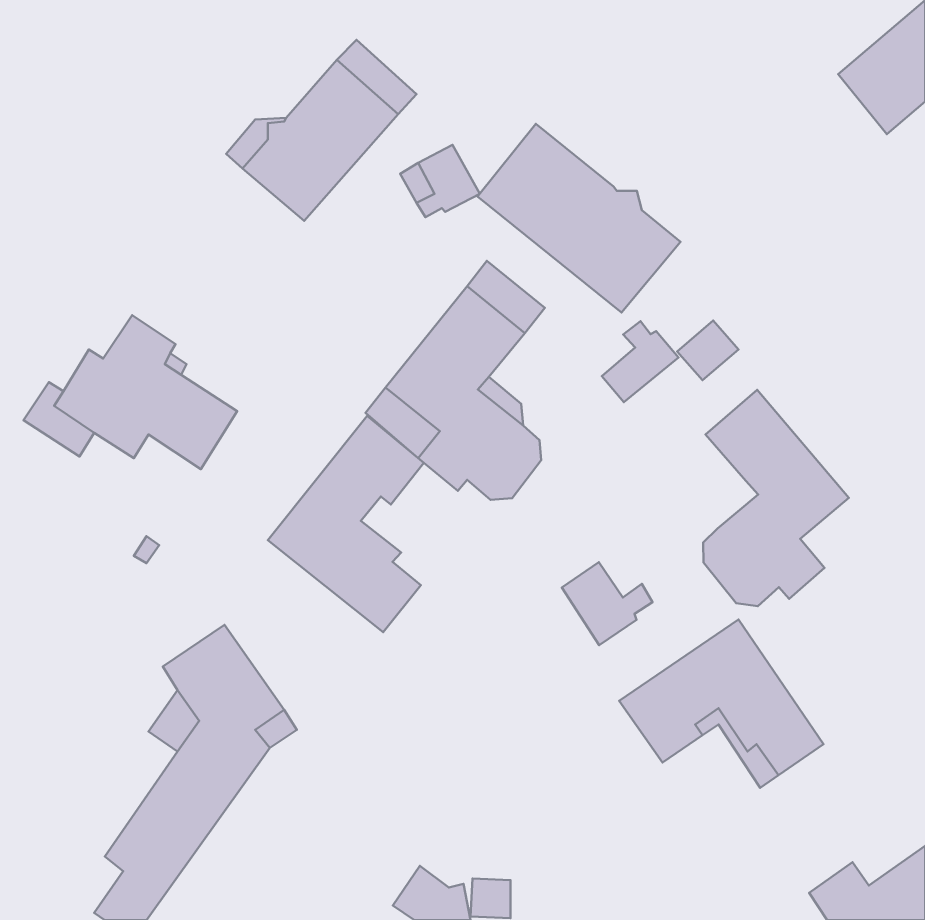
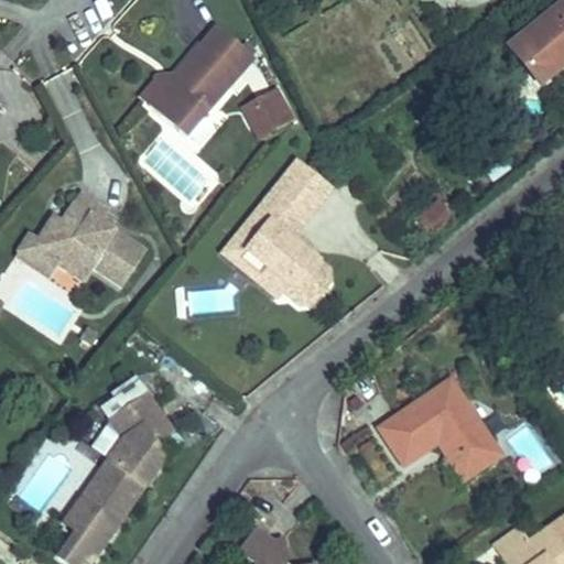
building: [477,124,681,312] -> none
building: [602,321,678,402] -> none
building: [703,390,849,606] -> none
building: [268,416,424,632] -> none
building: [562,562,653,645] -> none

